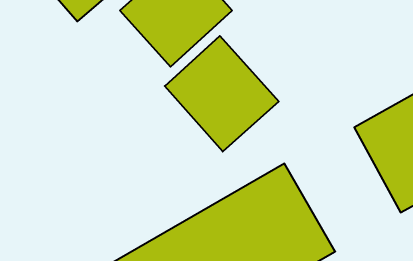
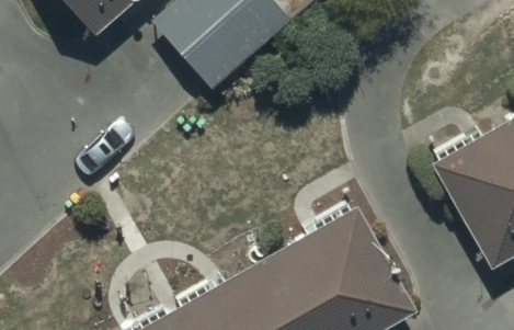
building: [165,36,279,152] -> none

